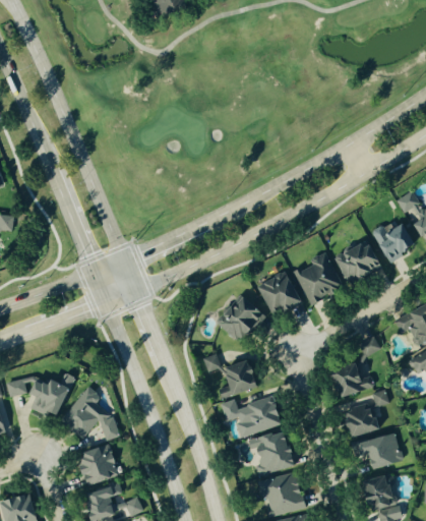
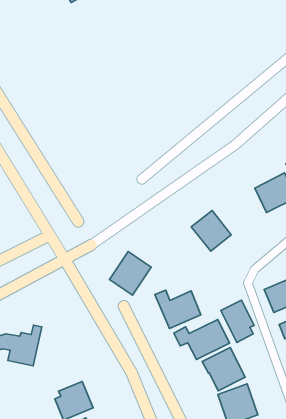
building: [296,251,344,302] -> none
building: [216,293,264,343] -> [110,252,151,295]
building: none -> [221,300,254,342]
building: [59,386,120,441] -> none

